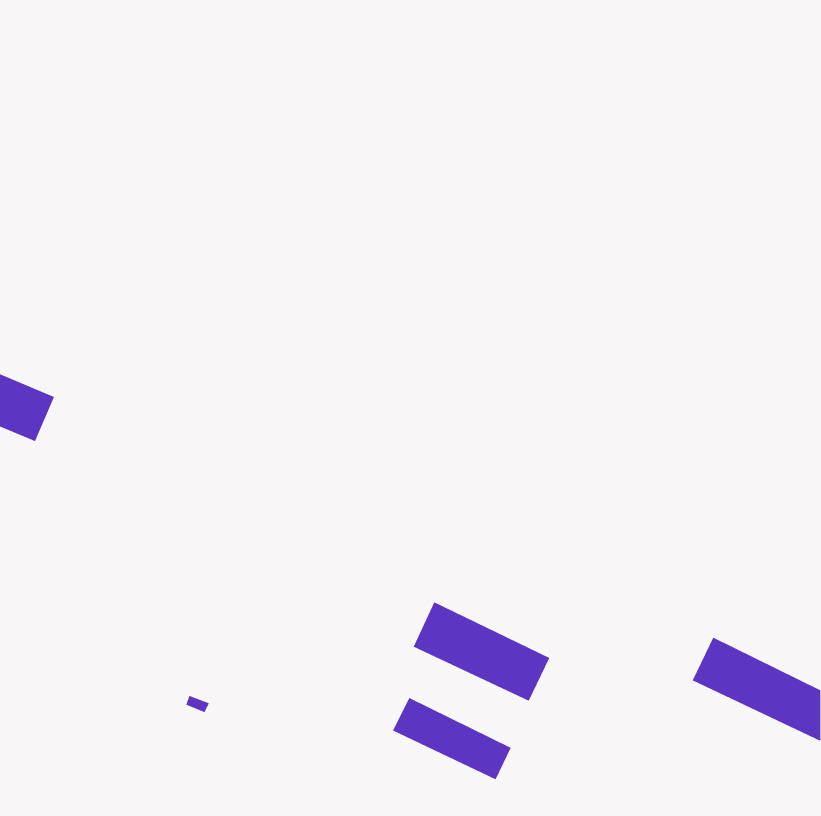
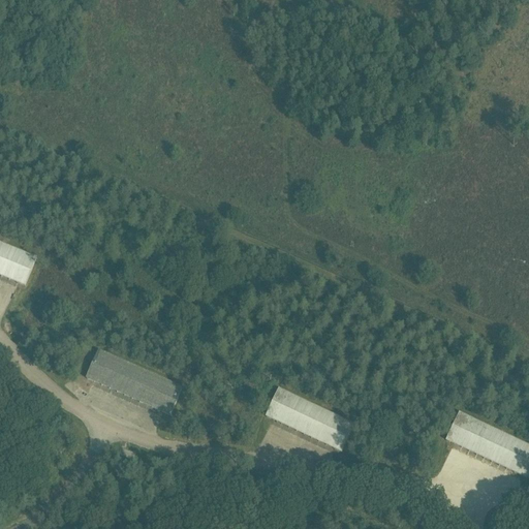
building: none -> [84,346,181,413]
building: [392,697,512,780] -> none

